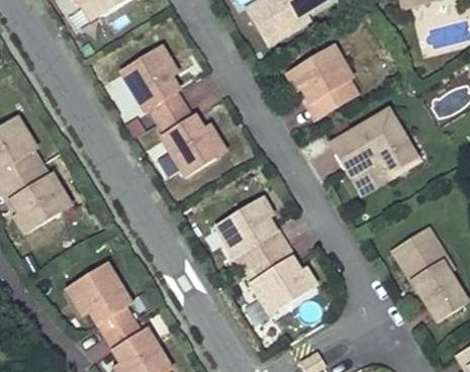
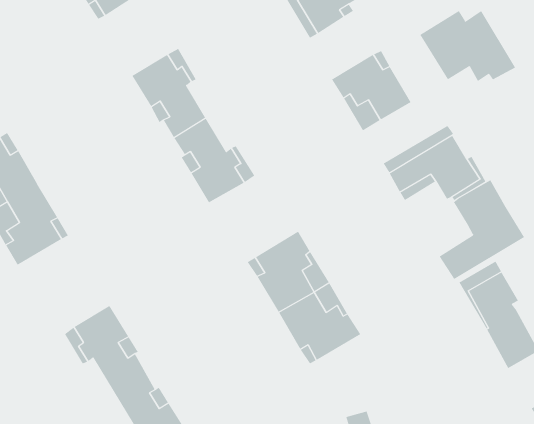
building: none -> [419,10,516,82]
building: none -> [439,179,525,280]

